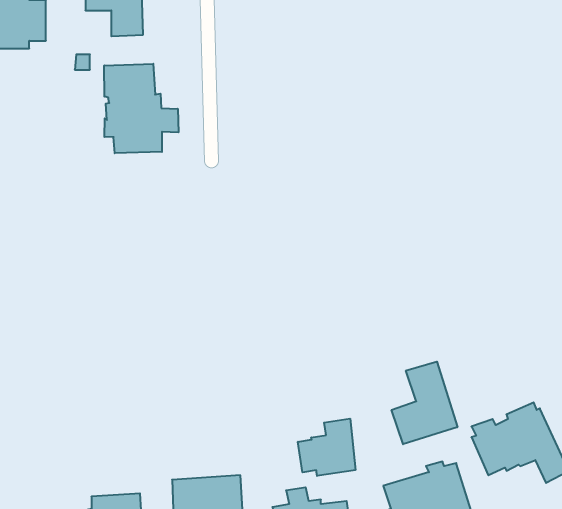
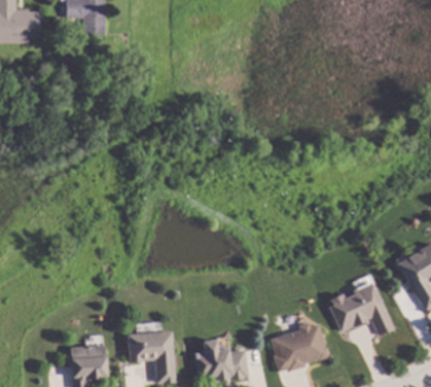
building: [104,64,178,153] -> none
building: [392,362,457,444] -> none
building: [298,419,355,476] -> none

